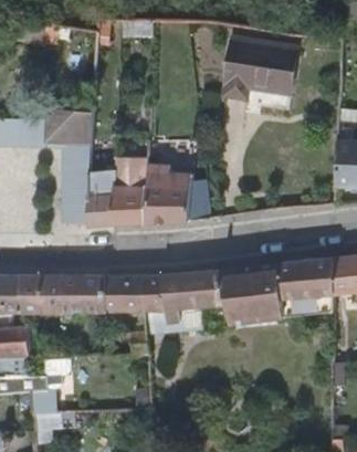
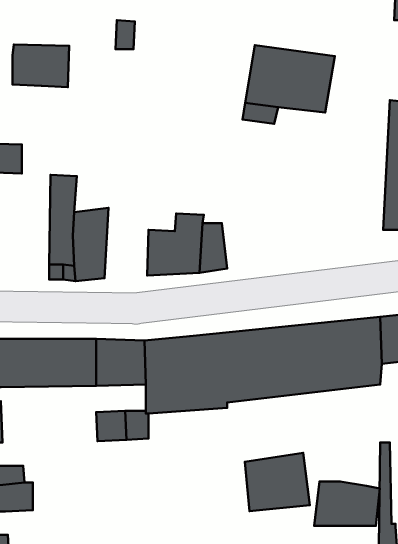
building: [45,111,91,145] -> [13,44,69,87]
building: [112,158,148,227] -> none
building: none -> [245,453,310,511]
building: none -> [314,482,380,526]

